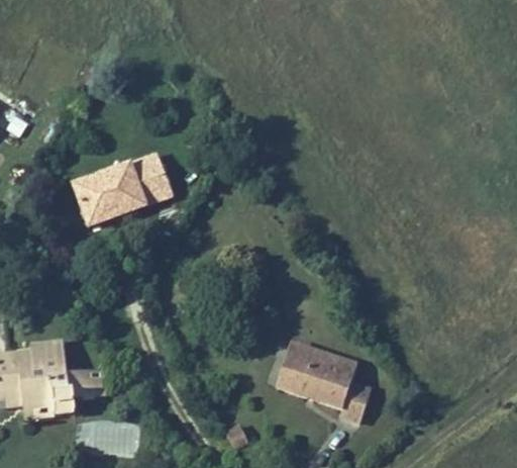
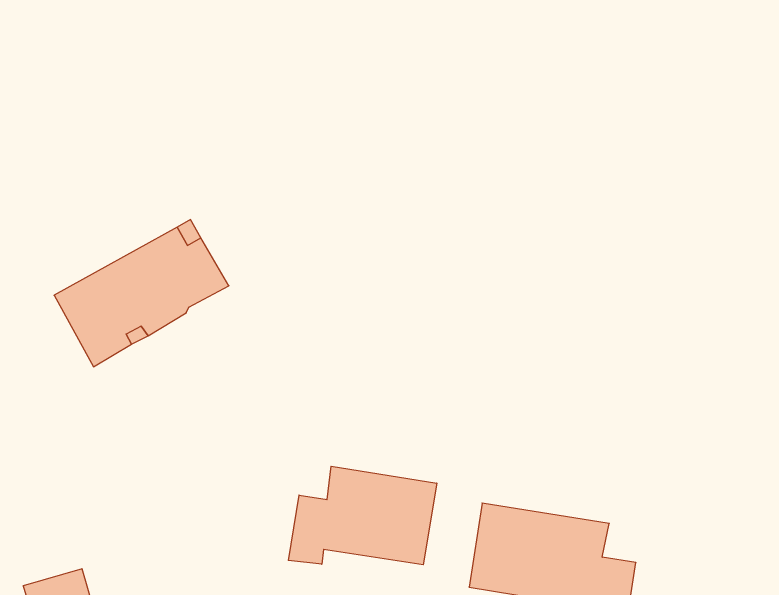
building: none -> [288,466,437,565]

